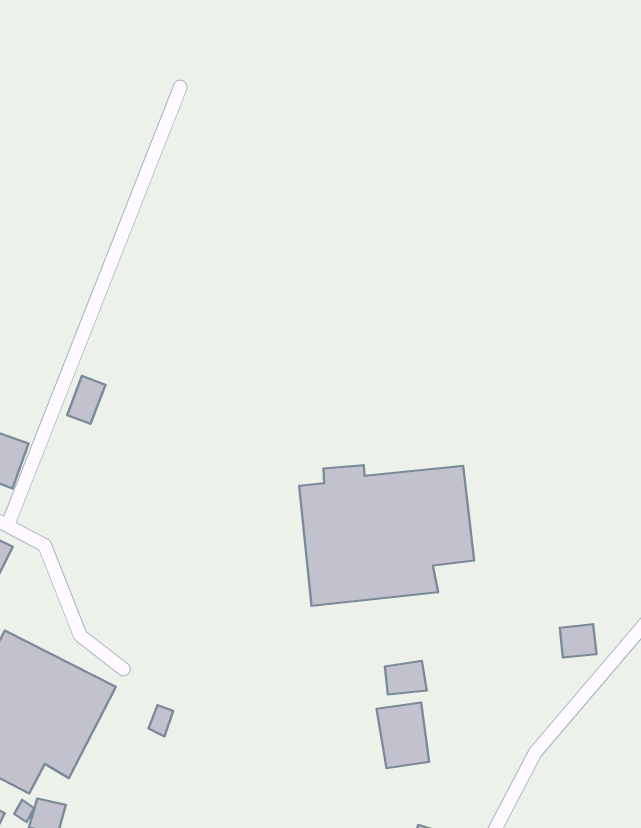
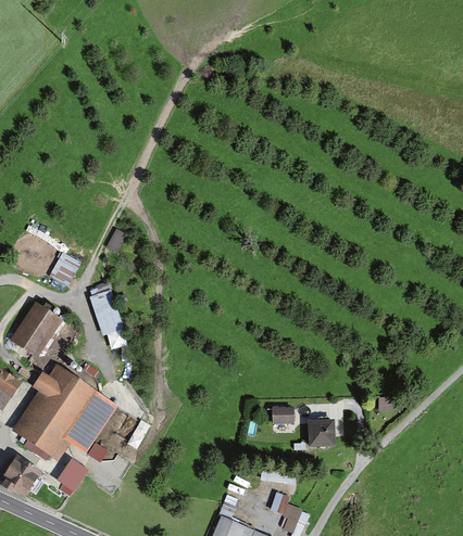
building: [299,465,474,606] -> none
building: none -> [88,286,123,333]
building: [377,702,429,768] -> [310,411,337,447]

